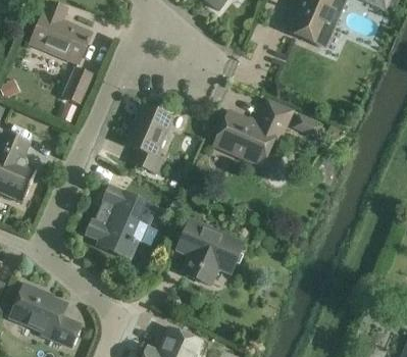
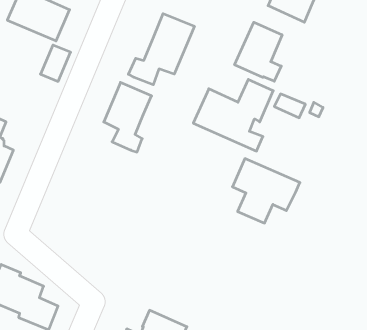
building: none -> [128,14,194,85]
building: none -> [235,22,282,81]
building: [86,186,157,258] -> none
building: [177,220,244,284] -> [232,159,300,223]

